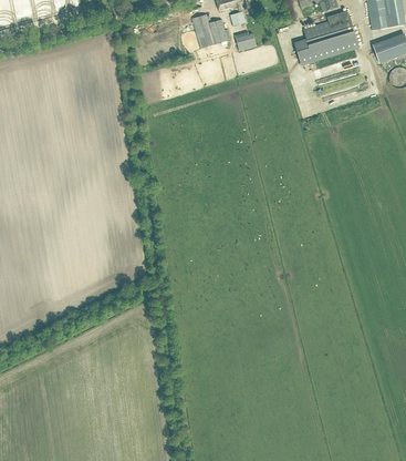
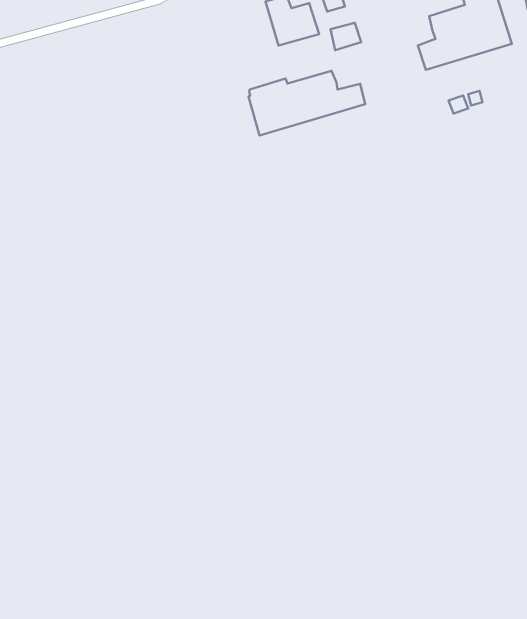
building: none -> [248,71,365,136]

